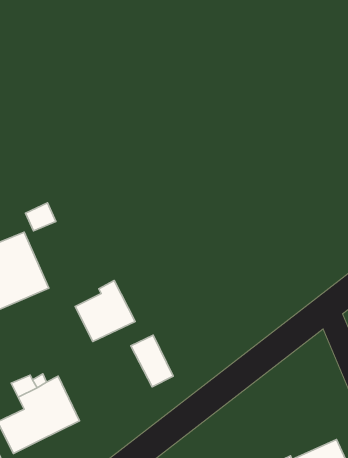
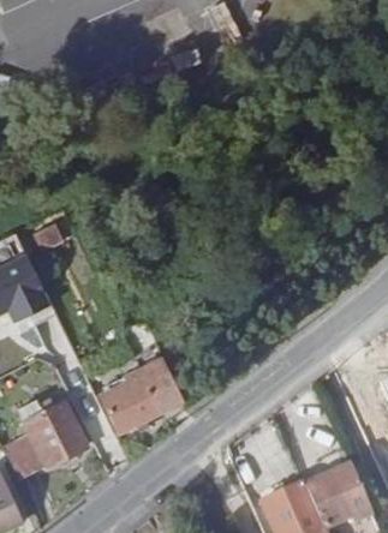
building: [75,281,135,342] -> [101,367,162,430]

